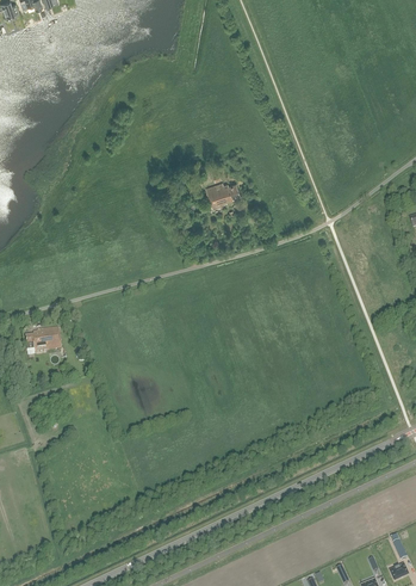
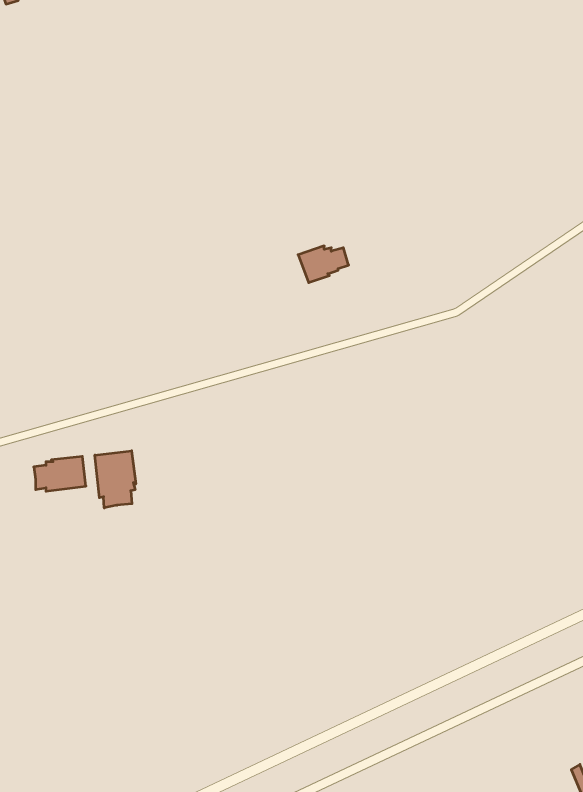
building: none -> [95,451,136,508]

